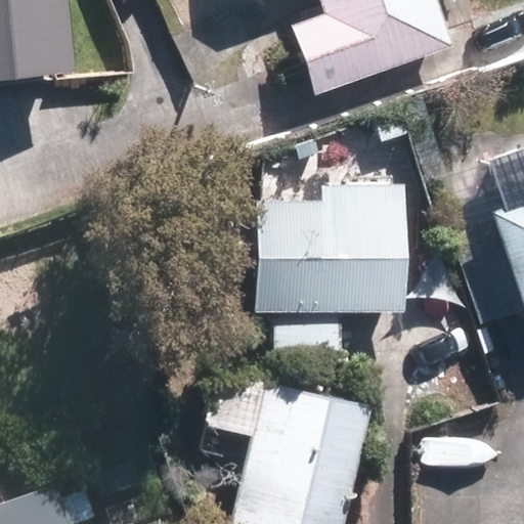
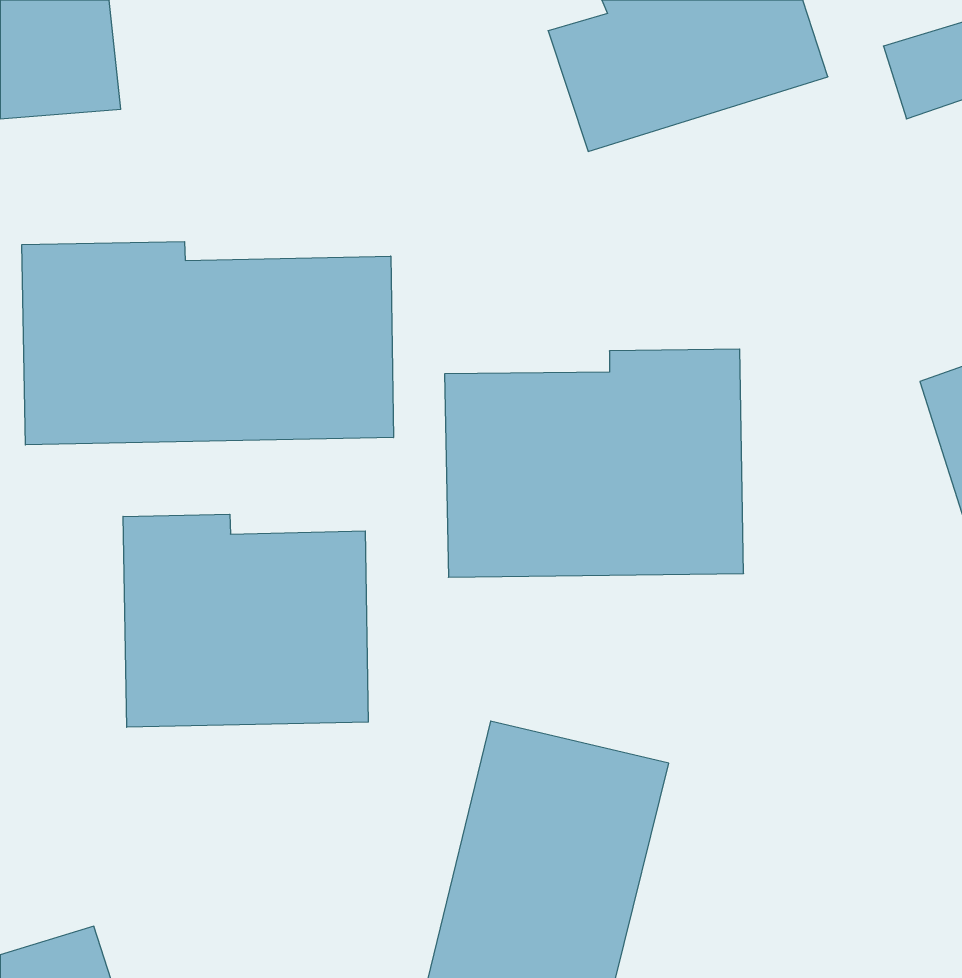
building: none -> [22,242,393,445]
building: none -> [123,514,368,727]

